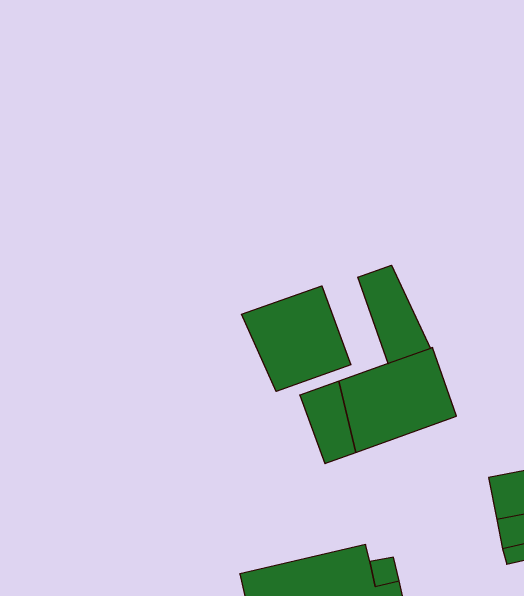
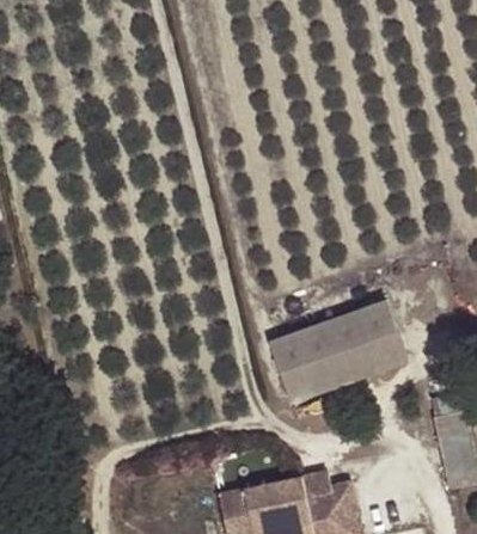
building: [358,265,431,364] -> none
building: [241,286,351,391] -> none

